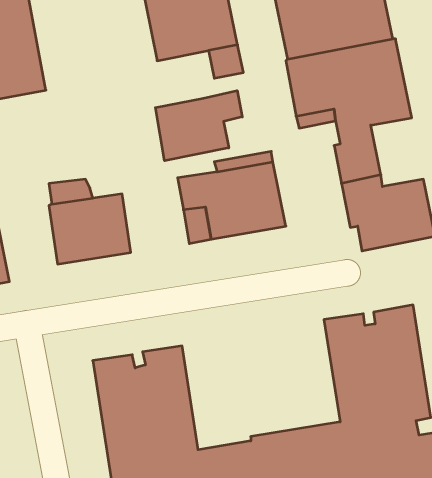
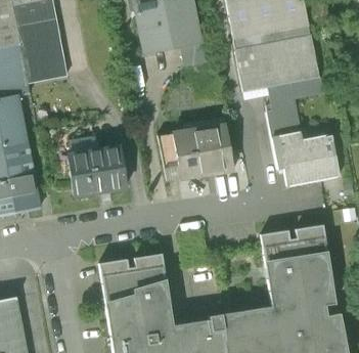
building: [155,91,242,161] -> none

